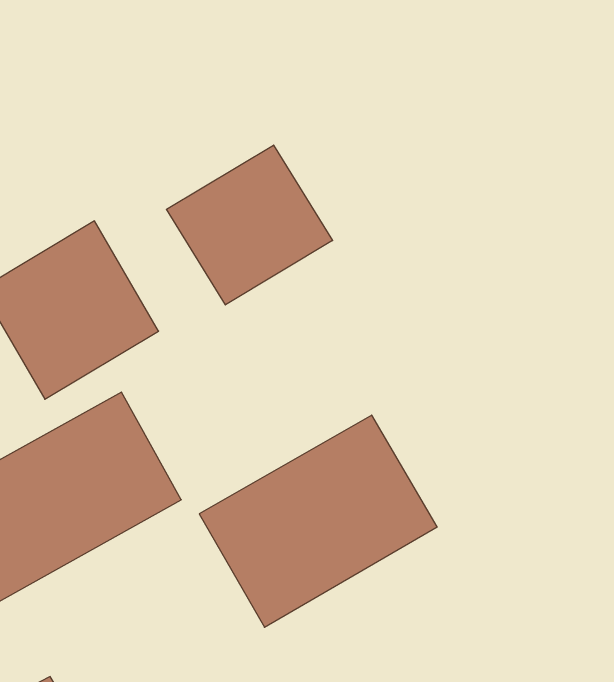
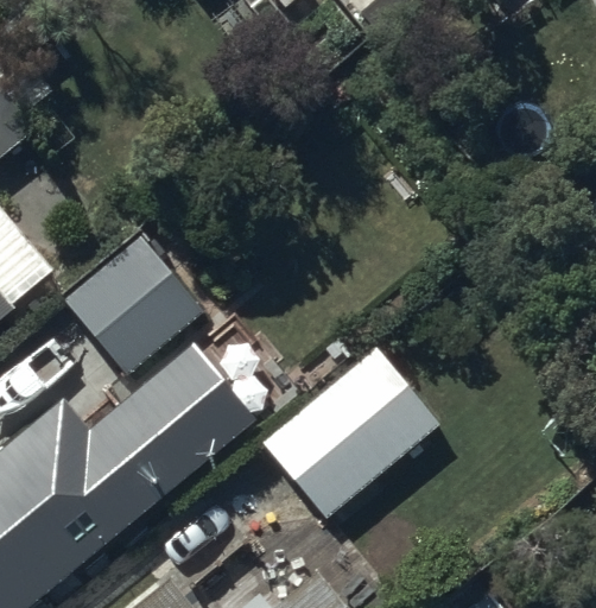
building: [166,145,333,305] -> none

